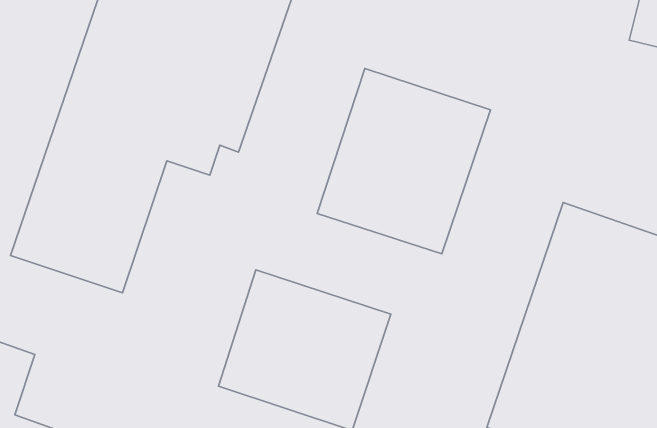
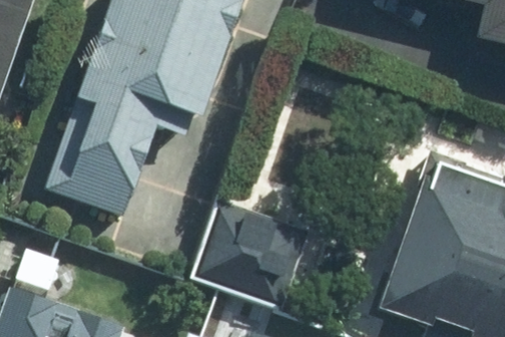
building: [317,69,490,254] -> none

